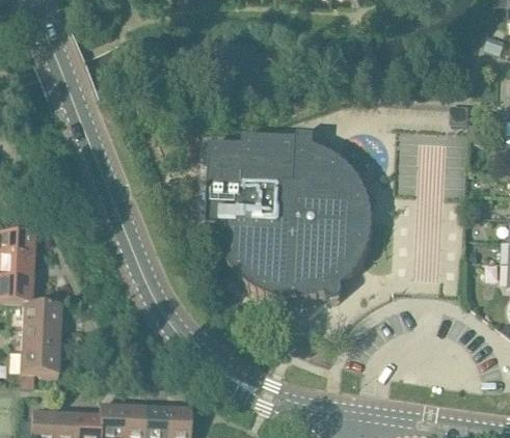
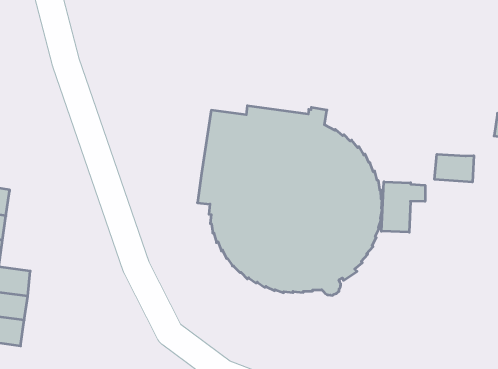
building: none -> [435,154,474,182]
building: none -> [381,182,425,232]

